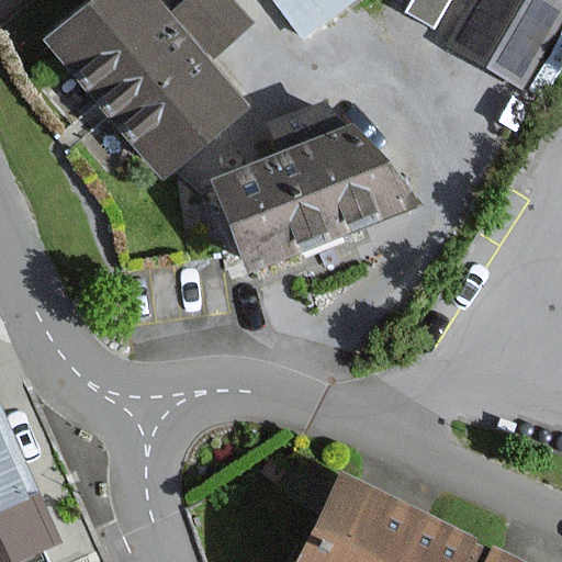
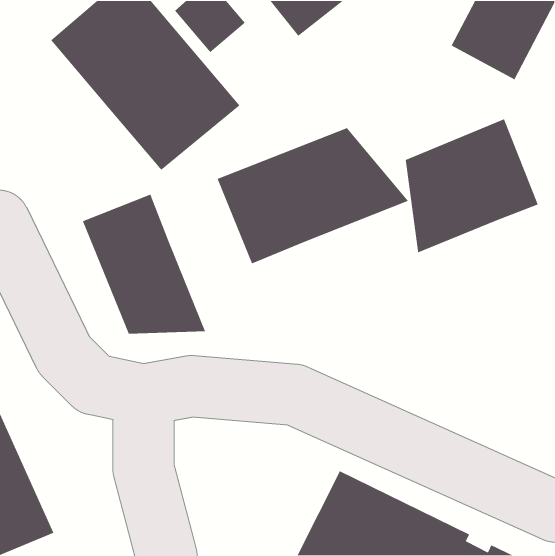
building: none -> [405,118,539,253]
building: none -> [82,194,206,334]

